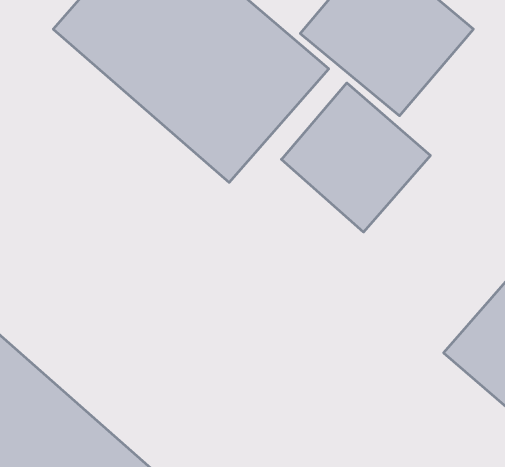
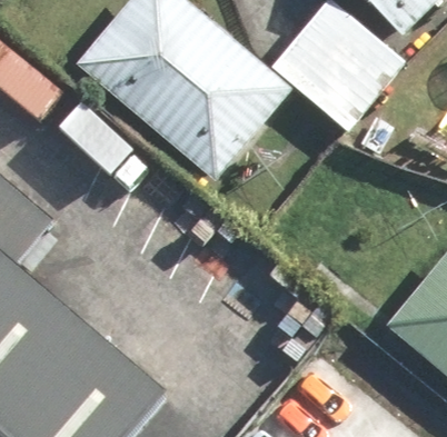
building: [281,83,430,232] -> none

